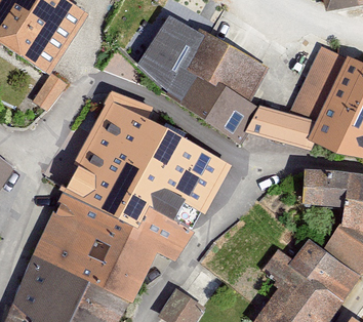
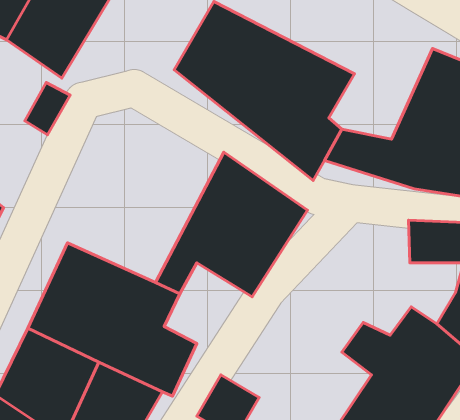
building: [57,90,173,219] -> none
building: [130,205,194,264] -> none

